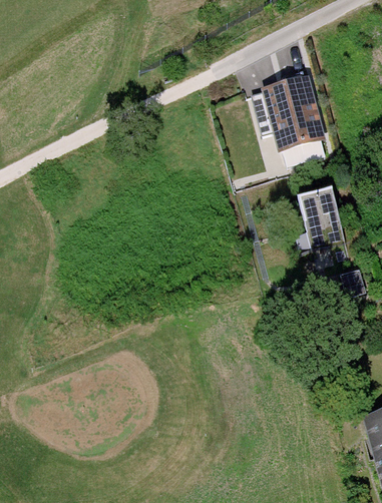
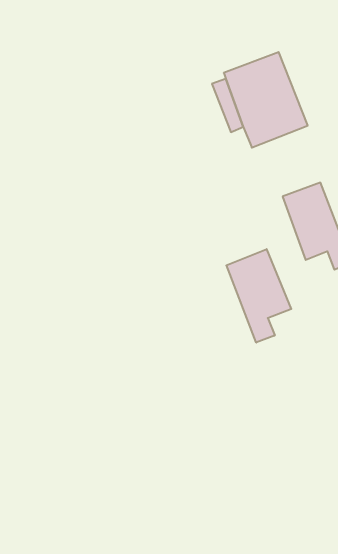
building: none -> [226,249,291,343]

